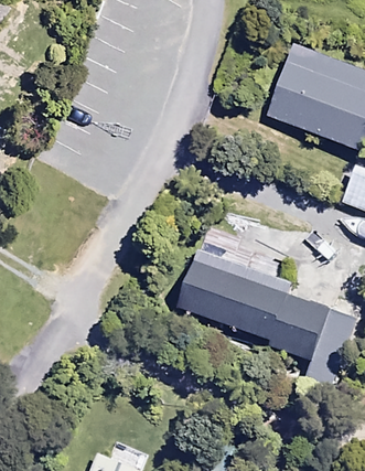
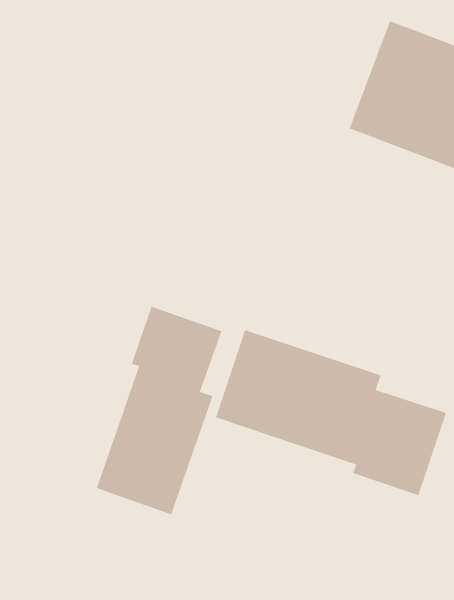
building: none -> [96,306,222,515]

